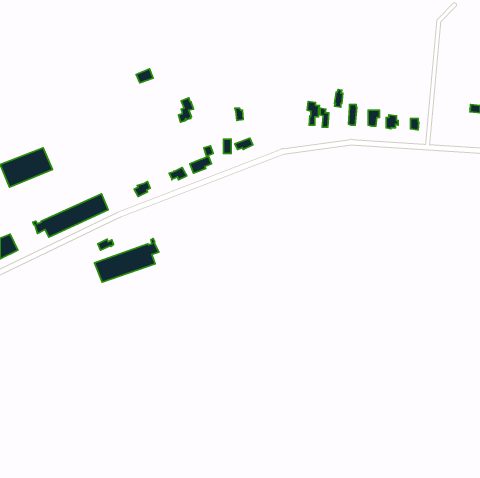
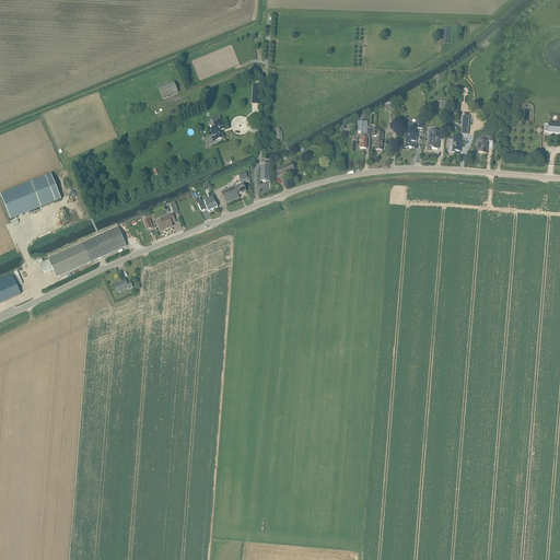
building: [94,239,159,282] -> none

